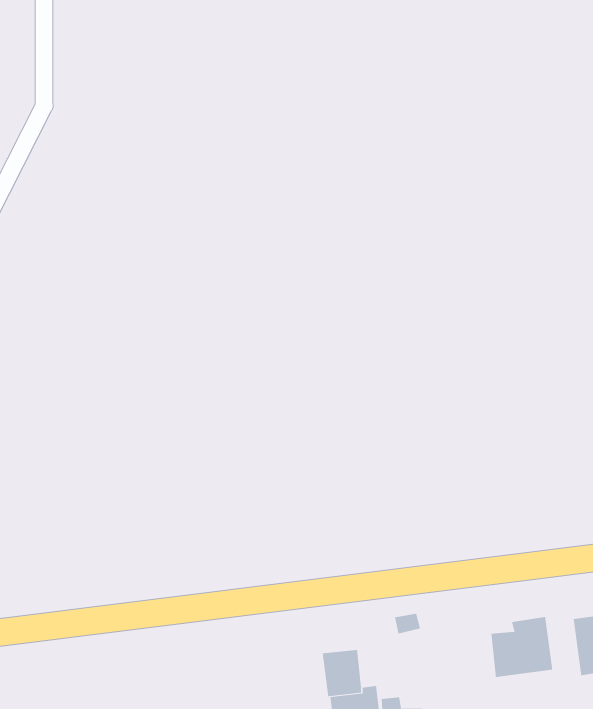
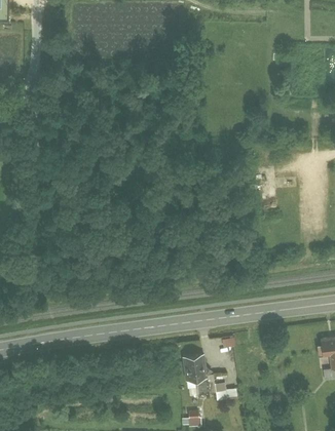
building: [491,616,553,678] -> none

